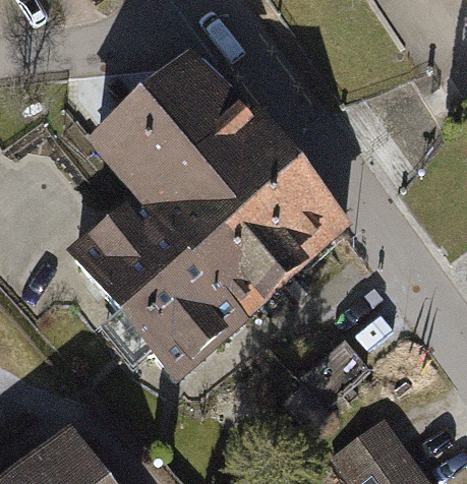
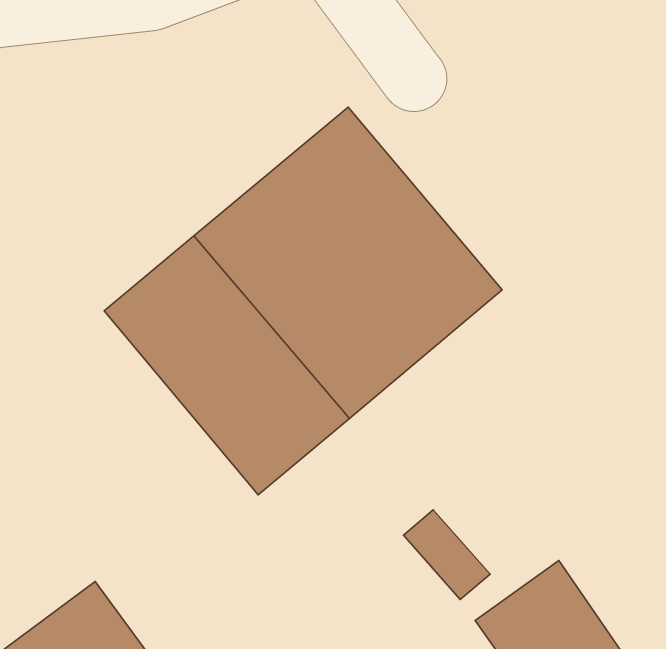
building: [89,53,239,195] -> none

